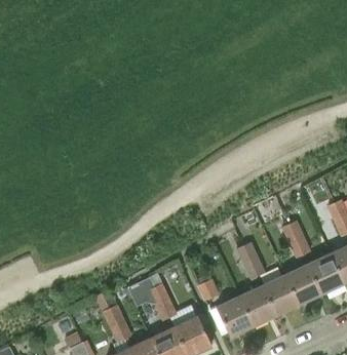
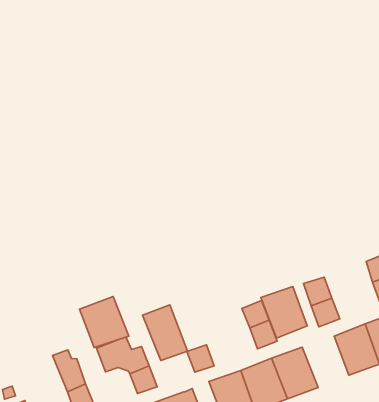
building: none -> [80,296,129,348]
building: none -> [143,305,187,361]
building: [284,265,321,305] -> [261,287,307,338]

